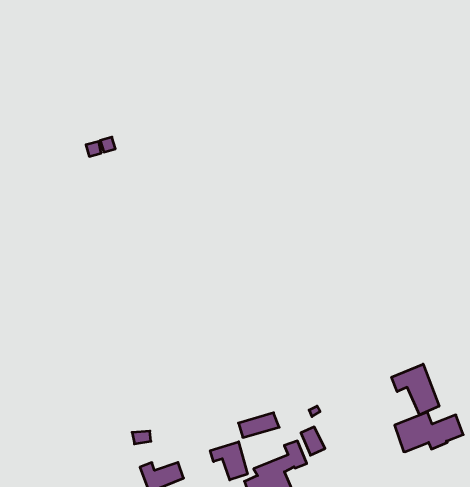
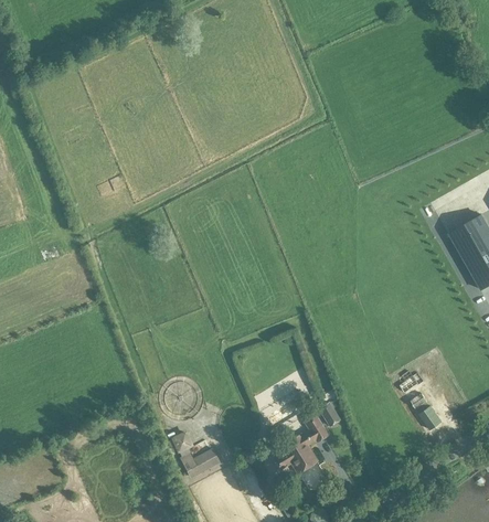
building: [392,364,439,415] -> none
building: [210,442,247,480] -> none

